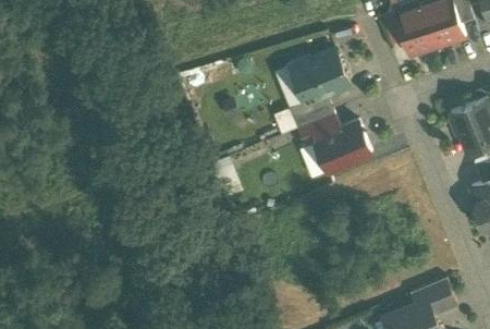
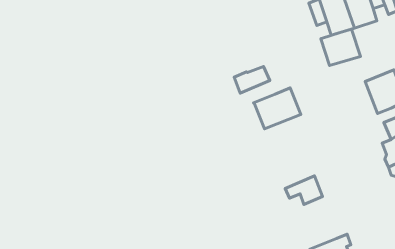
building: [292,50,350,103] -> none
building: none -> [321,29,360,65]
building: [298,113,341,146] -> none
building: [411,279,456,314] -> [285,176,322,205]

